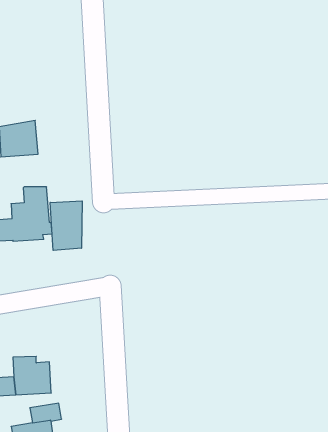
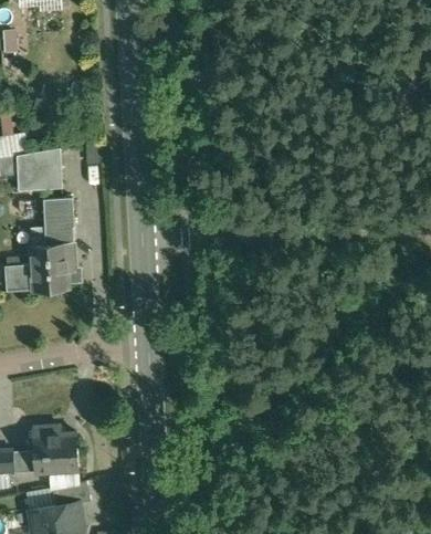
building: none -> [43,198,73,227]
building: [50,201,82,250] -> none

